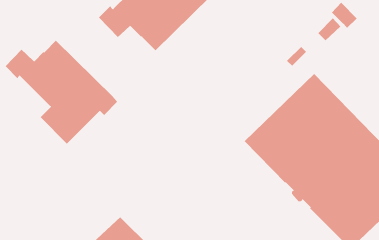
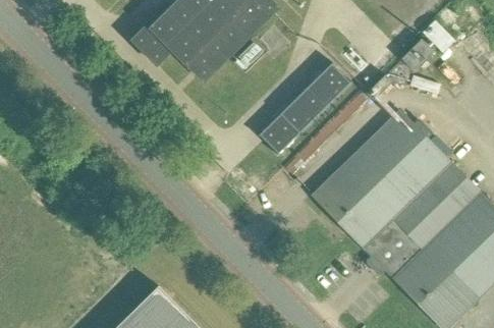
building: none -> [257,63,350,156]
building: [5,40,118,145] -> none

